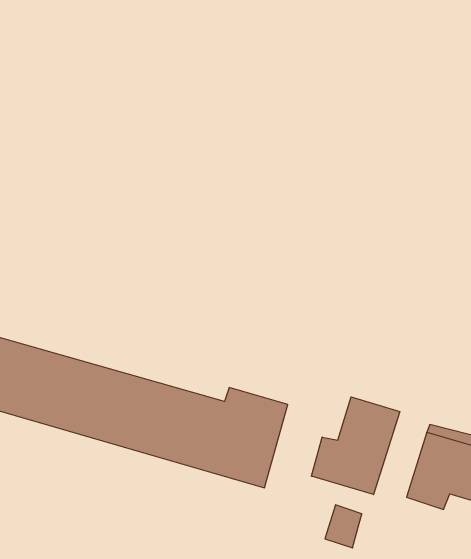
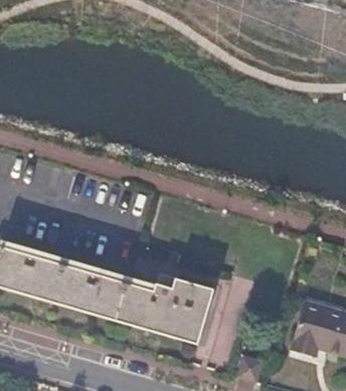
building: [311,397,400,495] -> none

